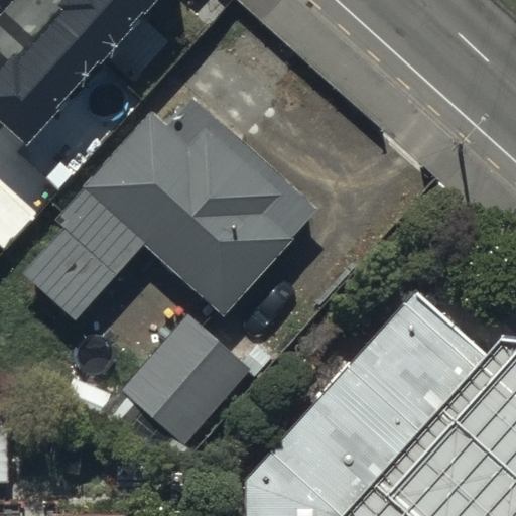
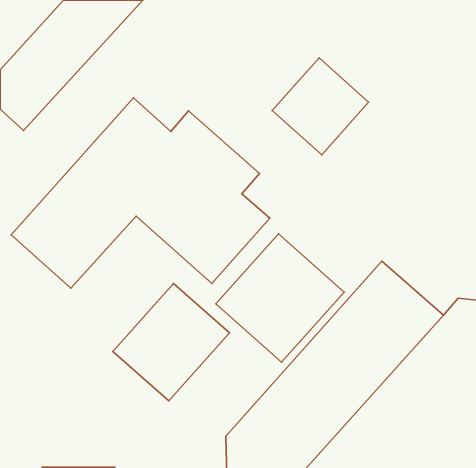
building: none -> [272,58,369,155]
building: none -> [216,234,344,362]

